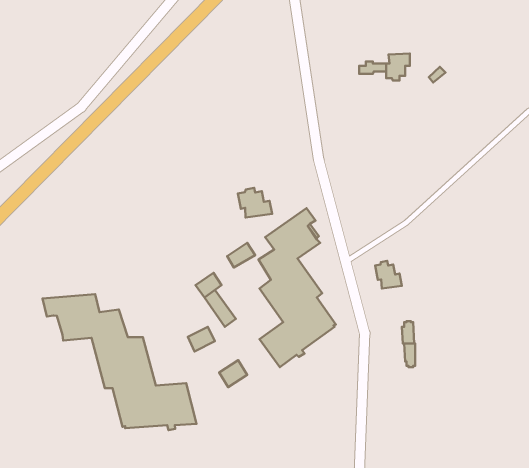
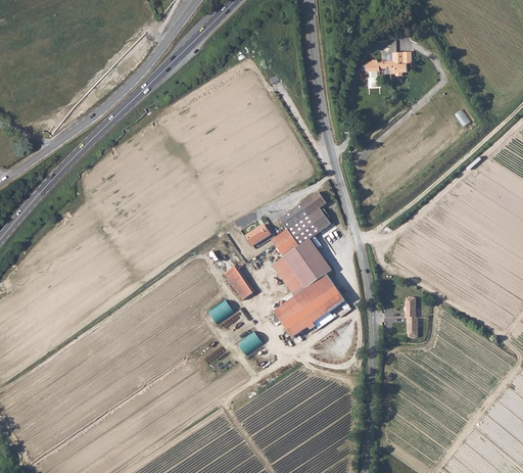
building: [238,188,272,218] -> none
building: [375,261,402,288] -> none
building: [42,294,197,430] -> none

